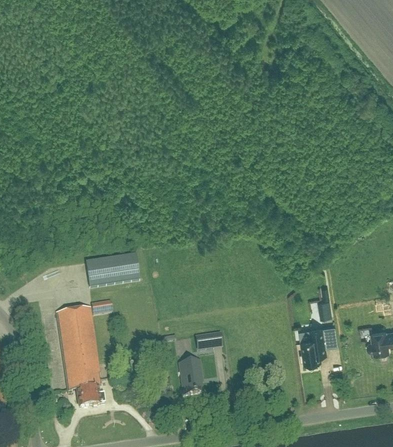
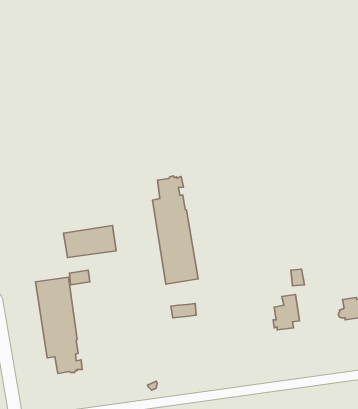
building: none -> [152,176,198,284]
building: [178,360,202,394] -> none

